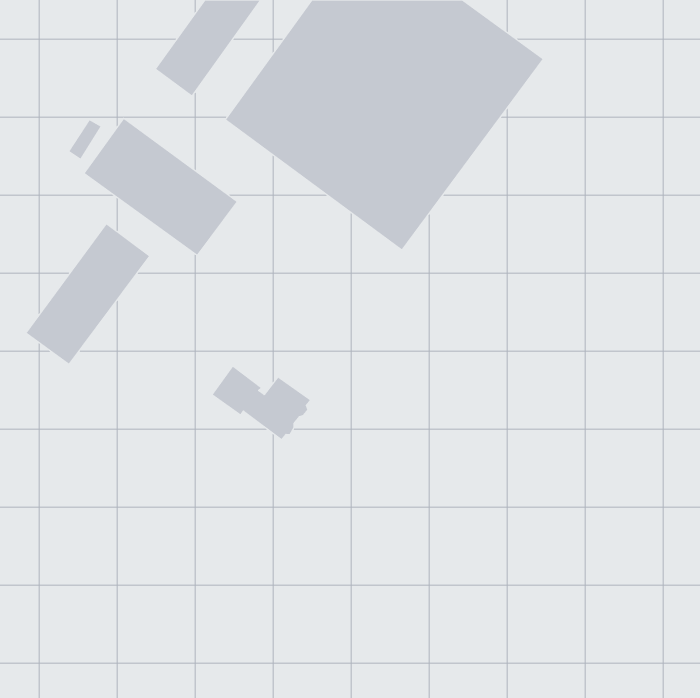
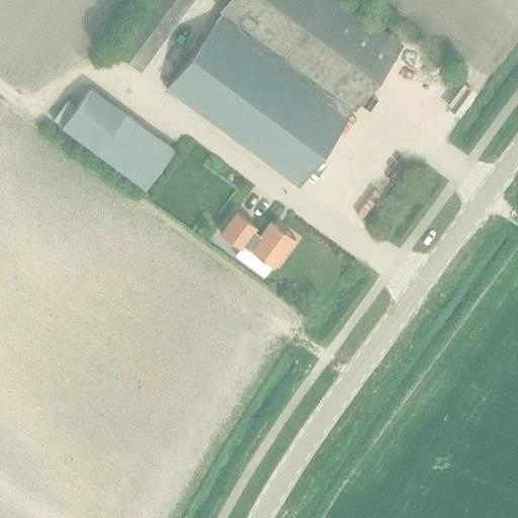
building: [26,223,150,364] -> none
building: [212,366,311,440] -> [223,214,295,269]

